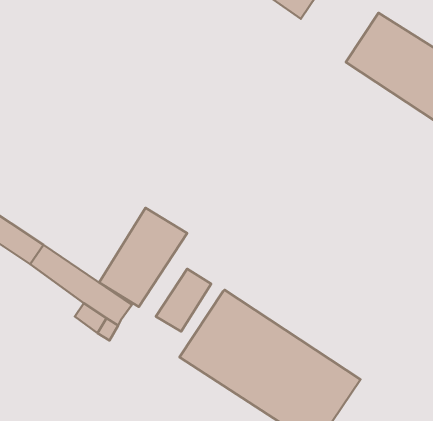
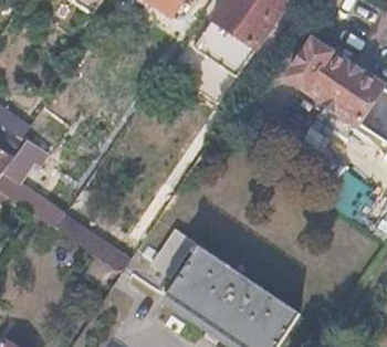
building: [99,208,187,307] -> none

